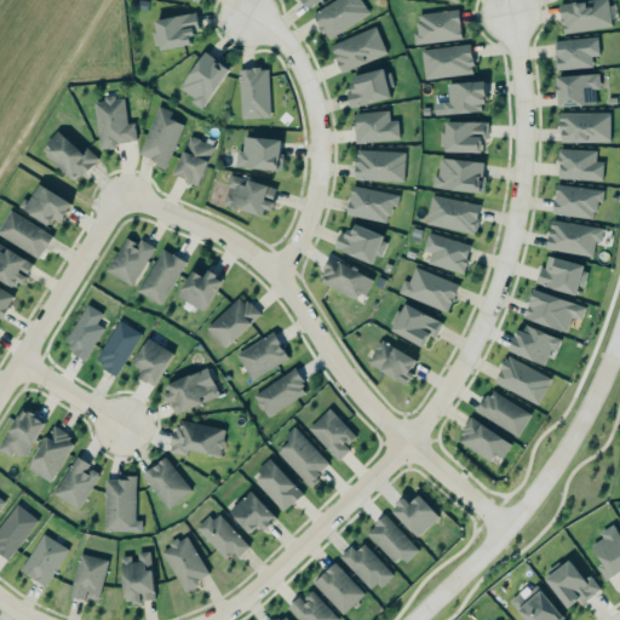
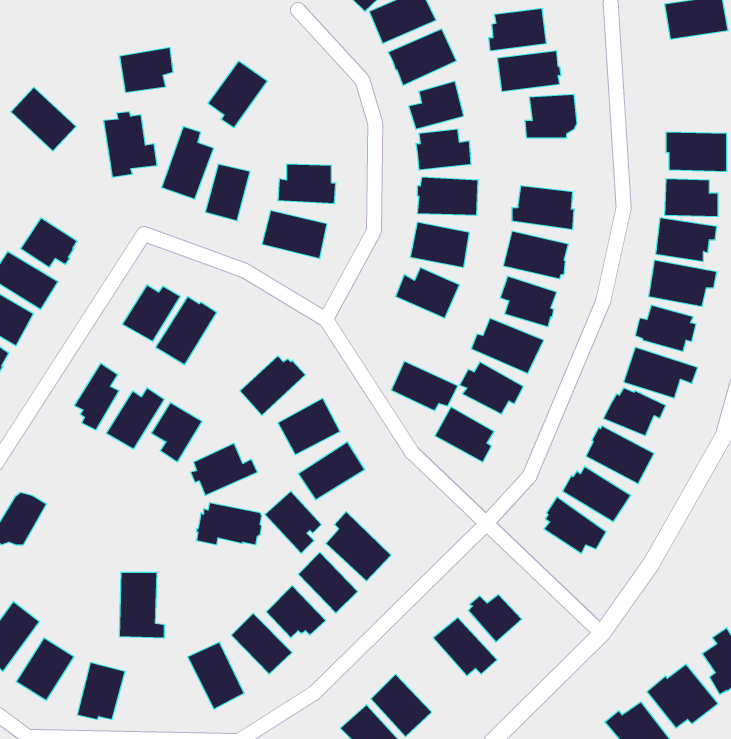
building: [154,13,199,51] -> [119,48,173,93]
building: [552,36,599,70] -> none
building: [240,69,271,120] -> none
building: [556,74,601,107] -> none
building: [444,120,488,153] -> none
building: [41,130,96,183] -> [11,87,76,151]
building: [320,258,375,299] -> [391,361,458,411]
building: [179,271,223,312] -> none
building: [308,408,355,460] -> [265,491,321,554]
building: [28,426,74,482] -> none
building: [53,455,98,509] -> none
building: [142,458,193,511] -> none
building: [340,544,395,590] -> none
building: [120,551,155,604] -> none

